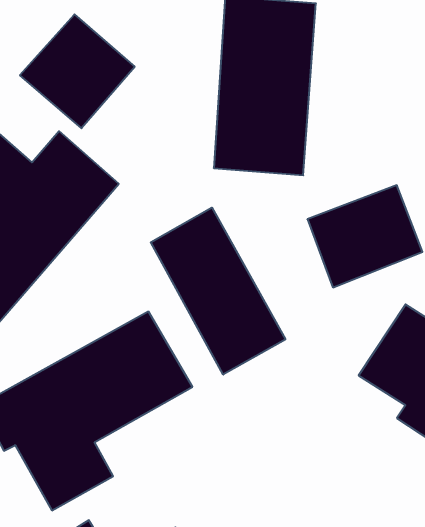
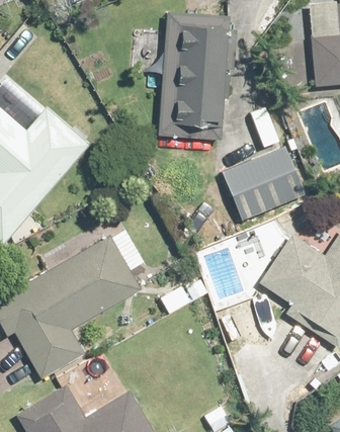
building: [20,14,135,128] -> none
building: [151,208,285,375] -> none

